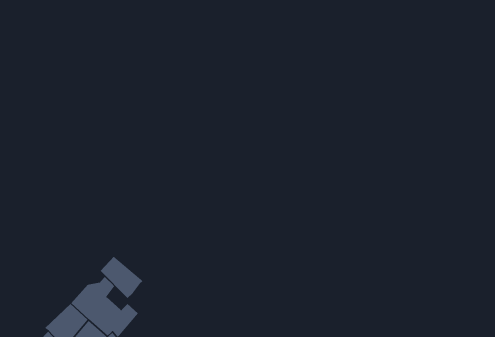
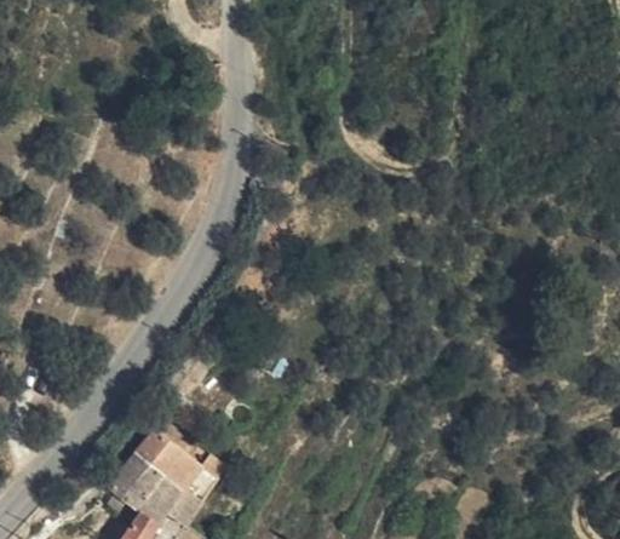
building: [100,256,144,299] -> none

